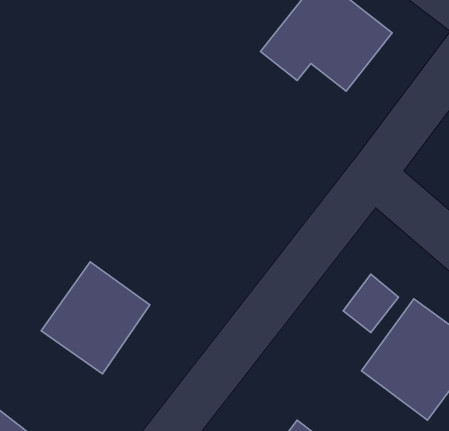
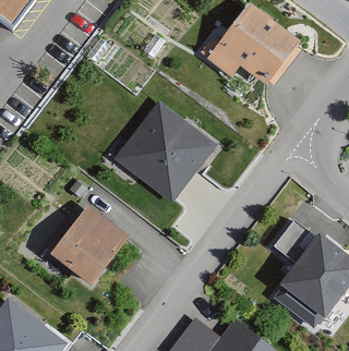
building: none -> [115,100,216,201]

